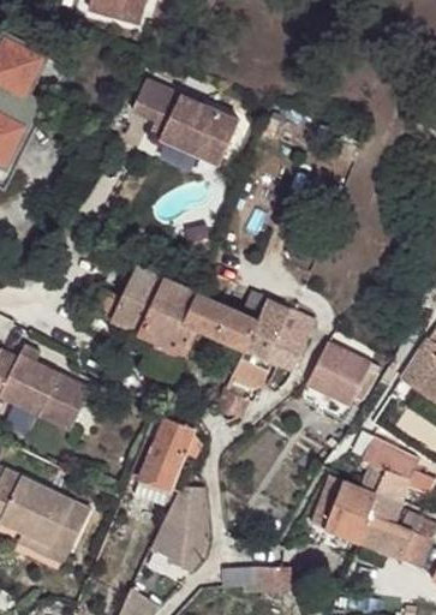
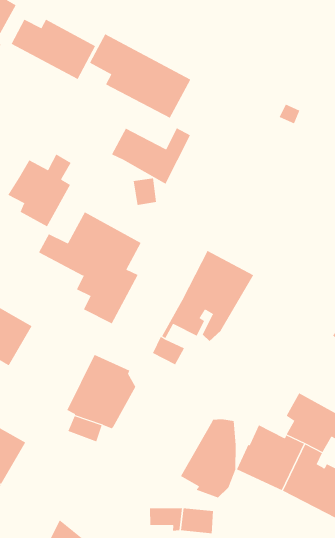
building: none -> [11,19,96,80]
building: none -> [8,153,71,227]
building: [185,291,267,351] -> [111,127,191,185]
building: [305,342,380,406] -> none
building: [151,486,209,569] -> [180,419,236,498]

